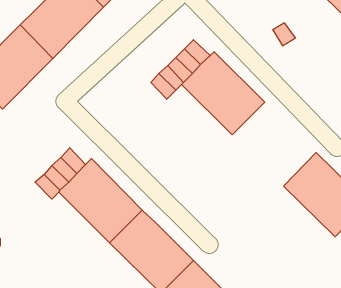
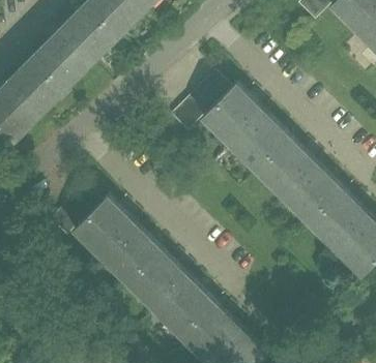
building: none -> [254,137,342,224]

